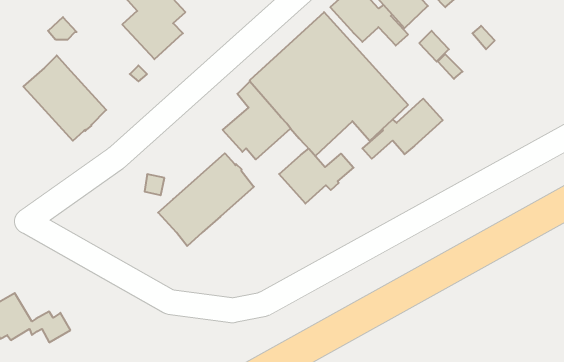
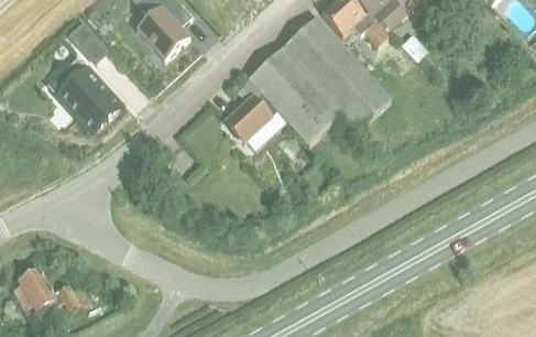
building: [362,99,443,159] -> none
building: [279,149,354,204] -> none
building: [158,153,254,246] -> none

